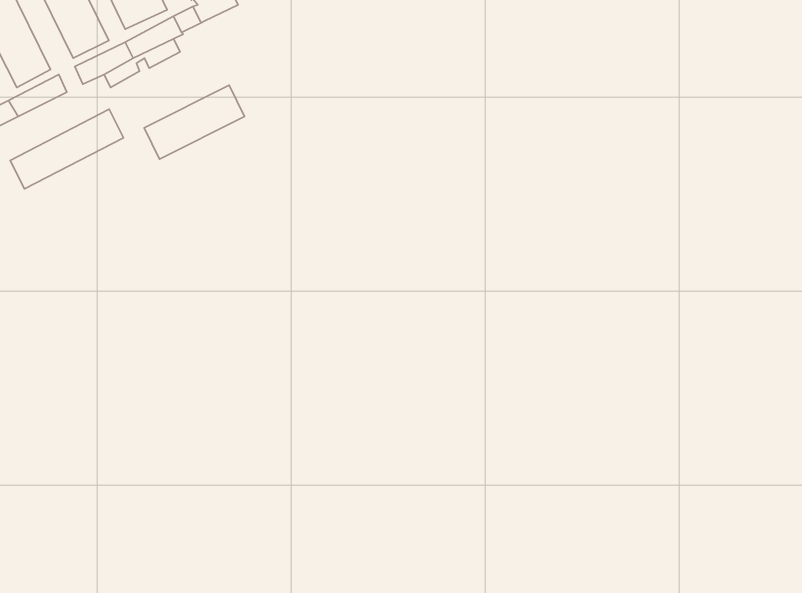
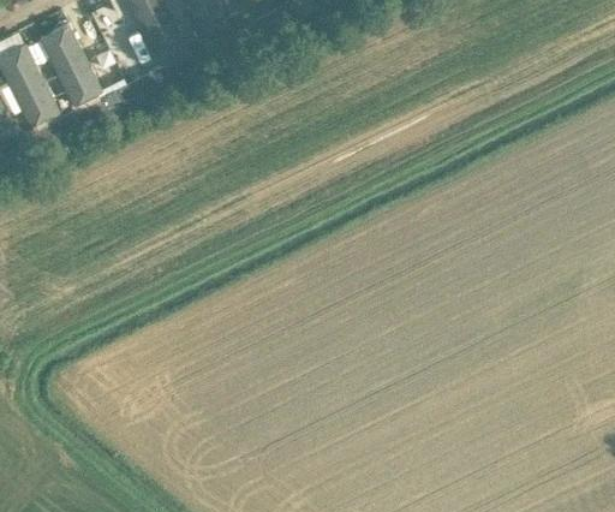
building: [144,85,245,159] -> none
building: [10,109,123,189] -> none

